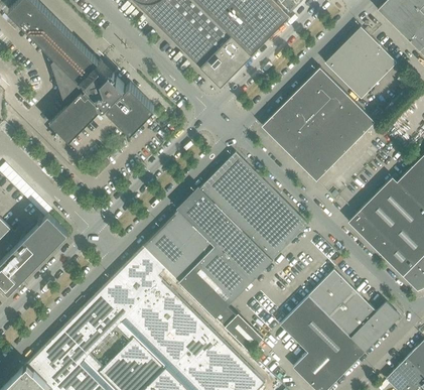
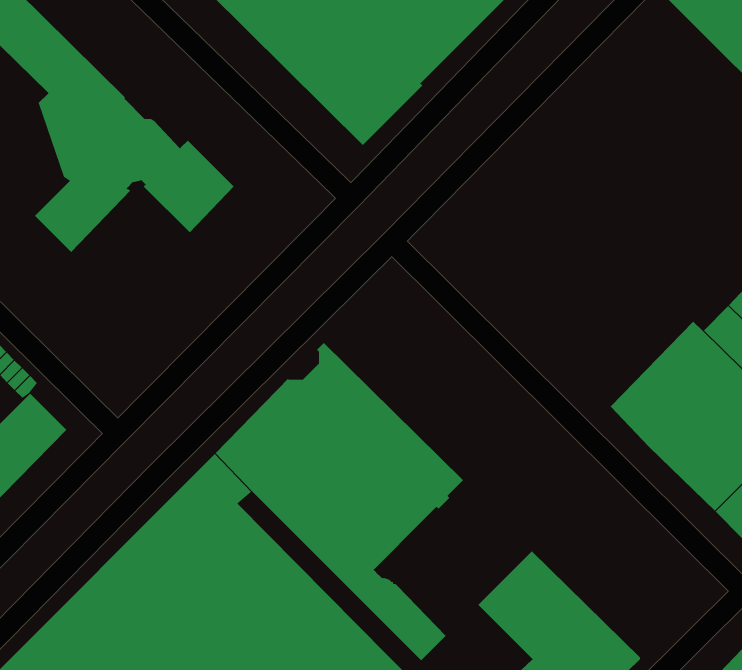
building: [325,27,397,99] -> none
building: [269,69,375,181] -> none
building: [200,153,308,260] -> none
building: [308,270,400,352] -> none

